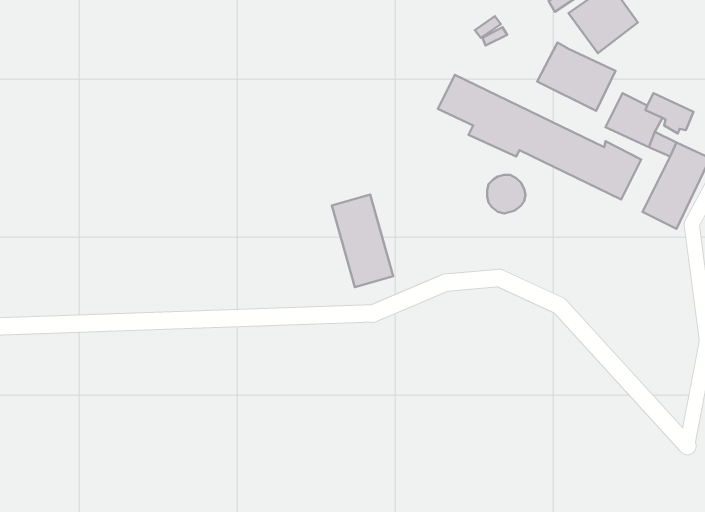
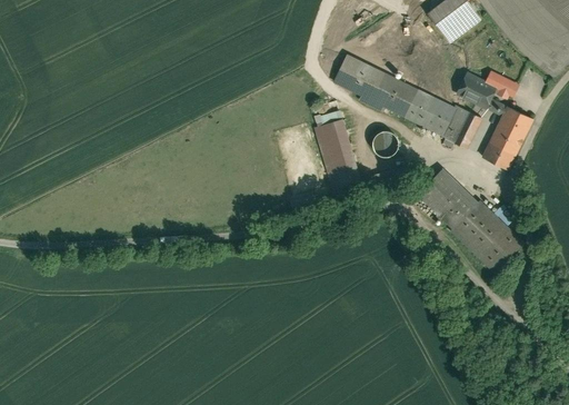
building: [537,43,616,111] -> none
building: [332,195,393,287] -> [315,119,359,186]
building: none -> [419,168,521,271]

